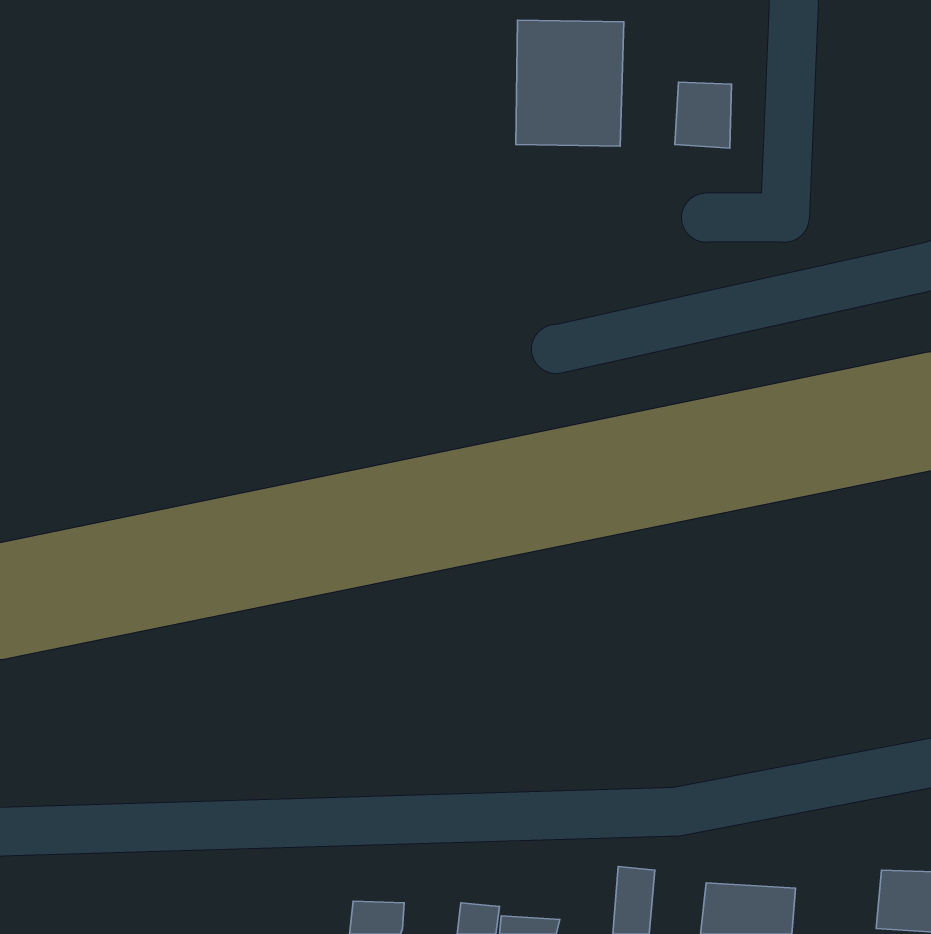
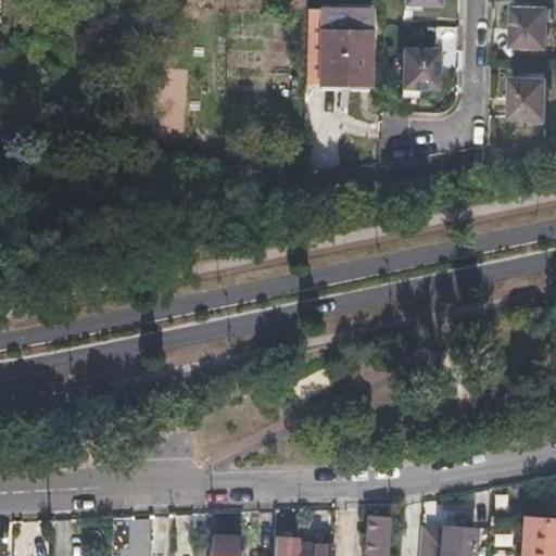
building: none -> [514,8,548,46]
building: none -> [511,79,546,117]

